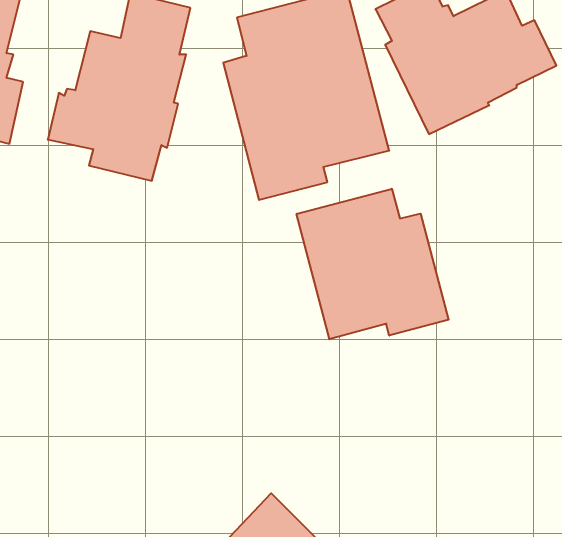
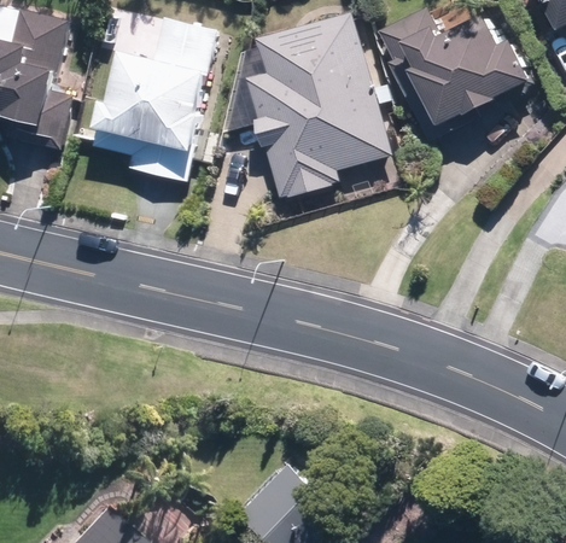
building: [297,189,449,339] -> none

